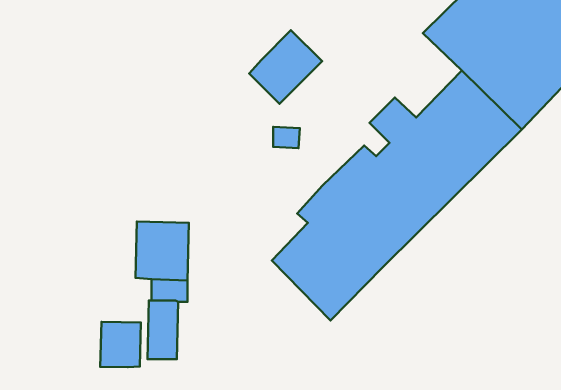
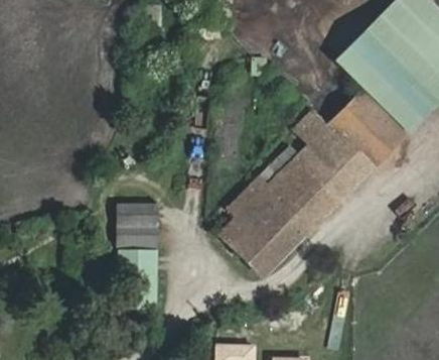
building: [249,30,322,104] -> none
building: [100,322,141,367] -> none

